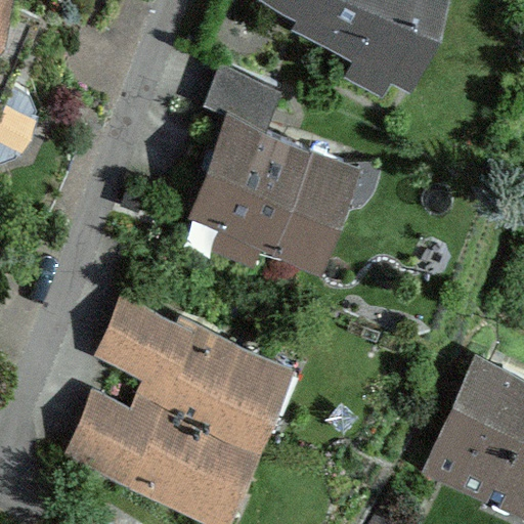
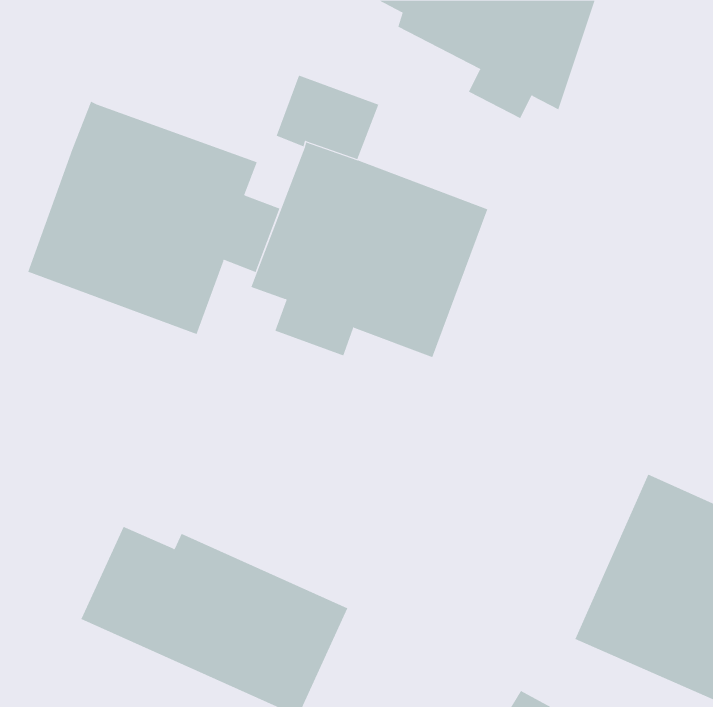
building: none -> [27,101,280,335]
building: [97,299,297,451] -> none

